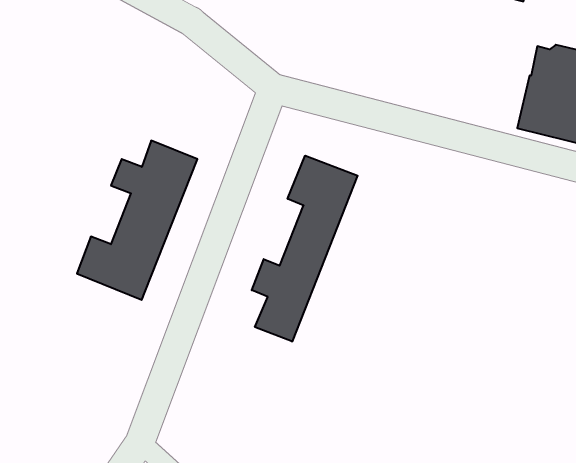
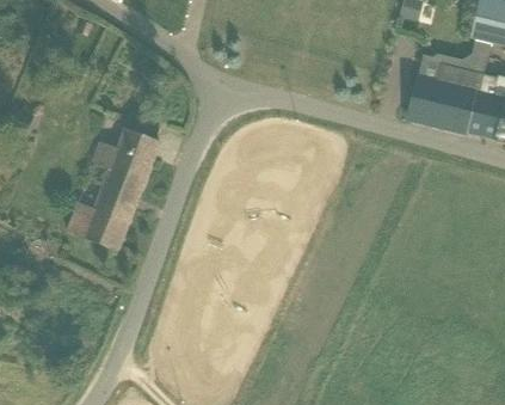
building: [252,156,358,342] -> none

